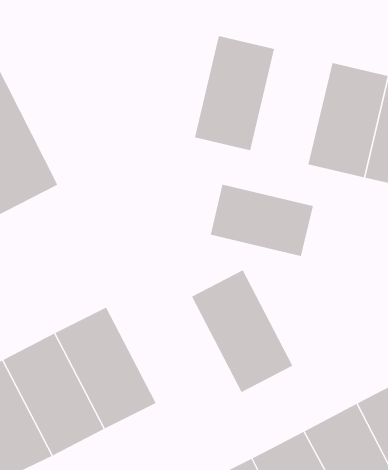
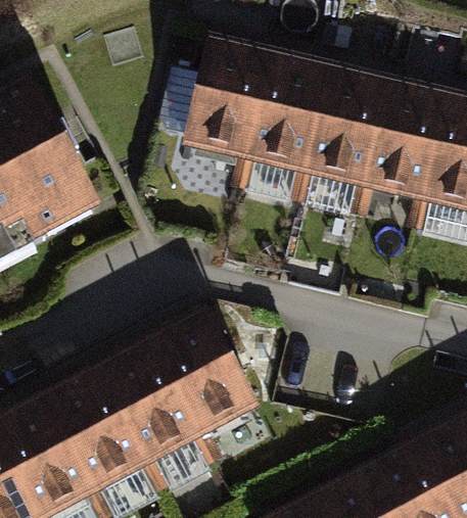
building: none -> [180,38,266,160]
building: none -> [300,66,386,189]
building: [210,184,313,257] -> none
building: [191,270,293,393] -> [147,312,255,442]

